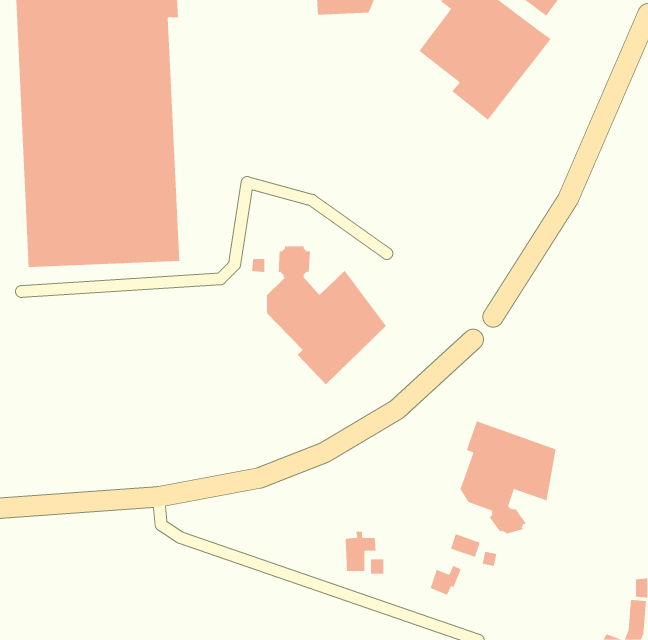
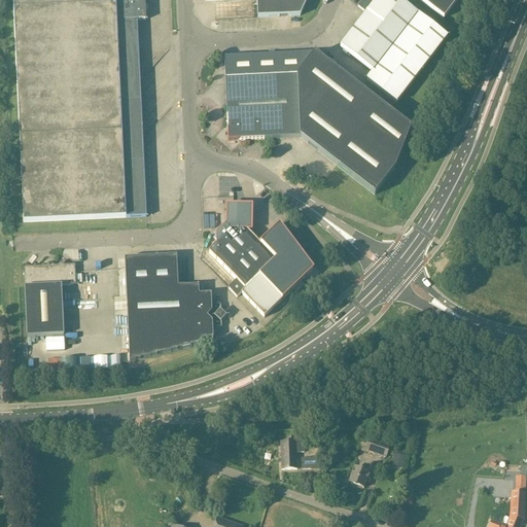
building: none -> [224,48,411,189]
building: none -> [125,250,226,356]
building: none -> [24,259,76,331]
building: [460,420,556,535] -> none

